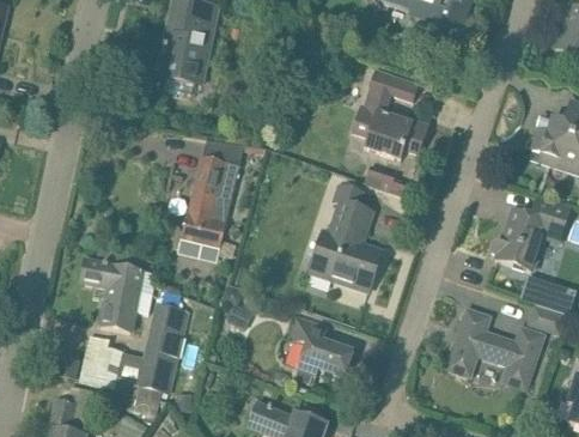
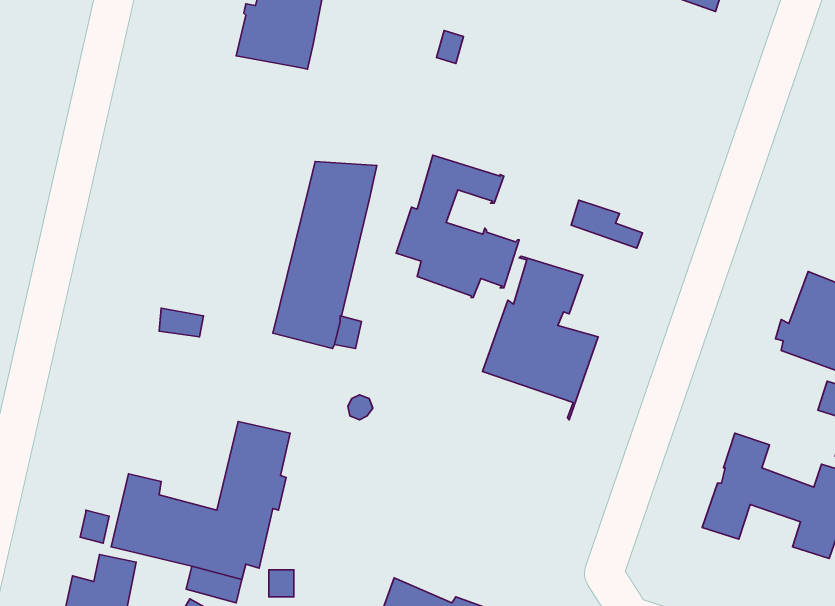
building: [352,71,428,159] -> [396,155,519,298]
building: [80,260,154,332] -> none
building: [288,315,353,377] -> none

